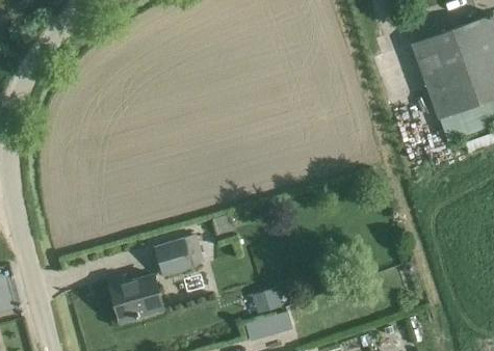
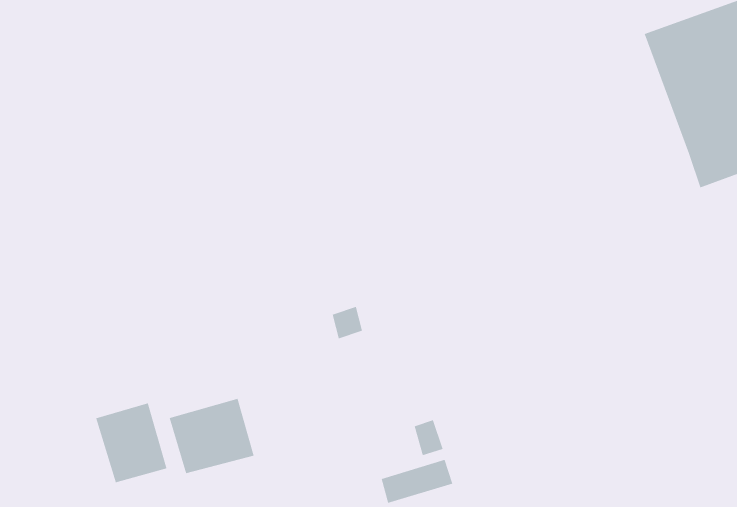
building: [154,234,205,276] -> none
building: none -> [95,403,167,483]

